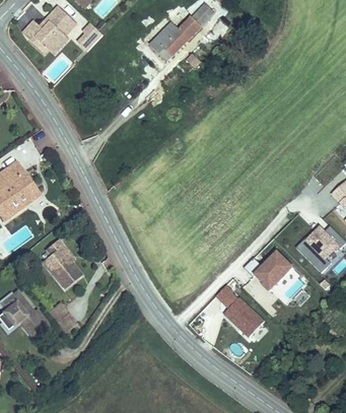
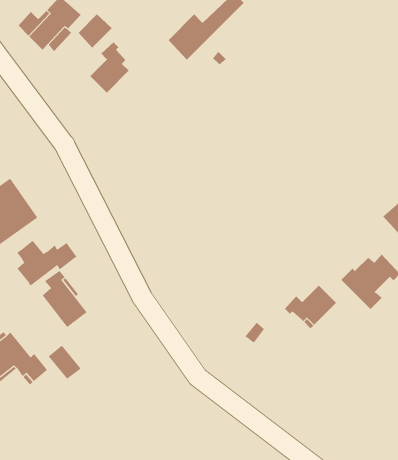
building: none -> [89,42,130,93]
building: none -> [17,240,77,286]
building: [223,296,264,336] -> none

